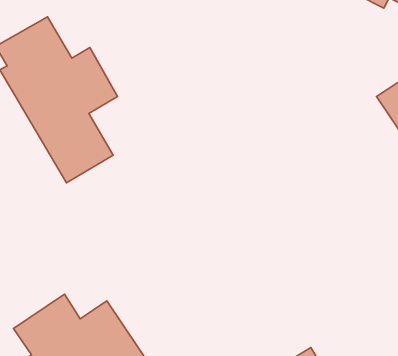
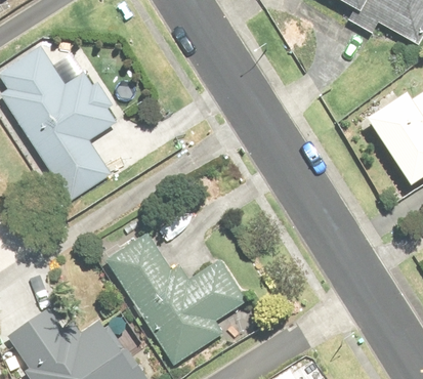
building: none -> [105,231,249,363]

